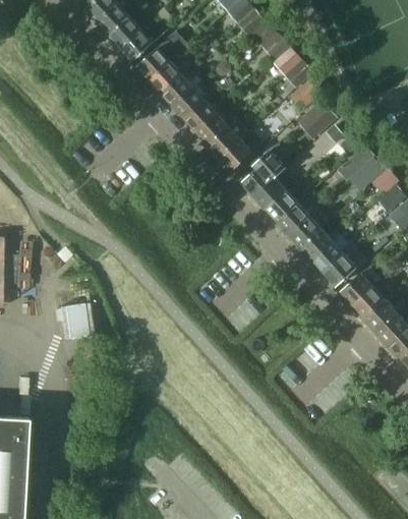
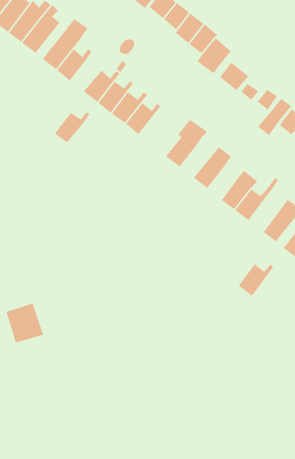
building: [162,76,200,107] -> [54,111,90,144]
building: [220,140,259,172] -> none
building: [254,179,296,210] -> none
building: [278,205,316,236] -> none
building: [312,242,351,275] -> [238,263,274,297]

